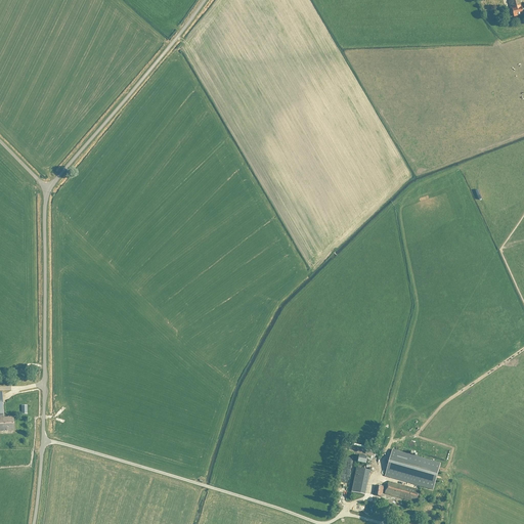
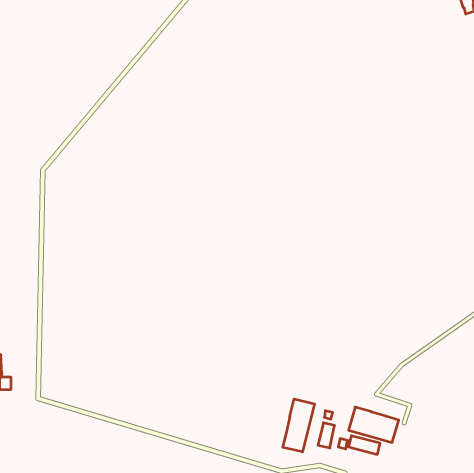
building: none -> [283,399,315,452]

